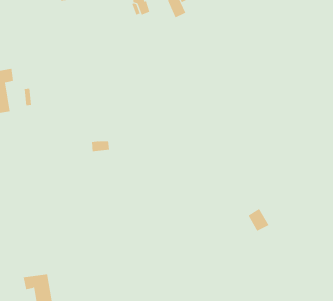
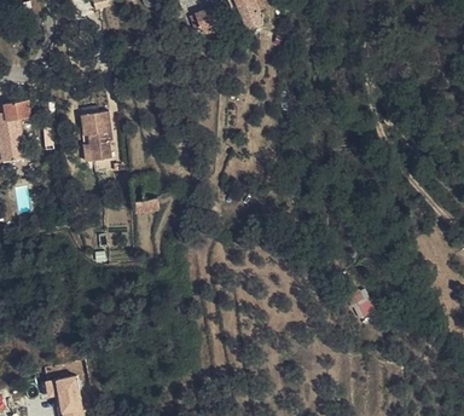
building: none -> [81,110,110,160]

